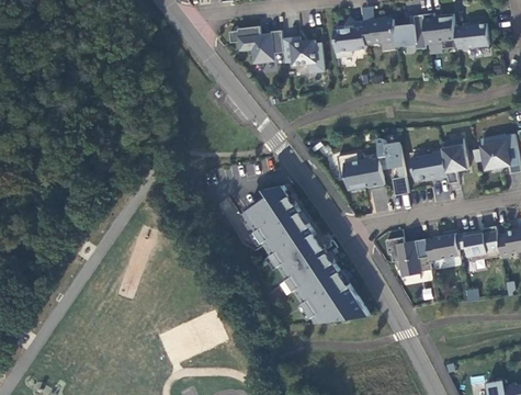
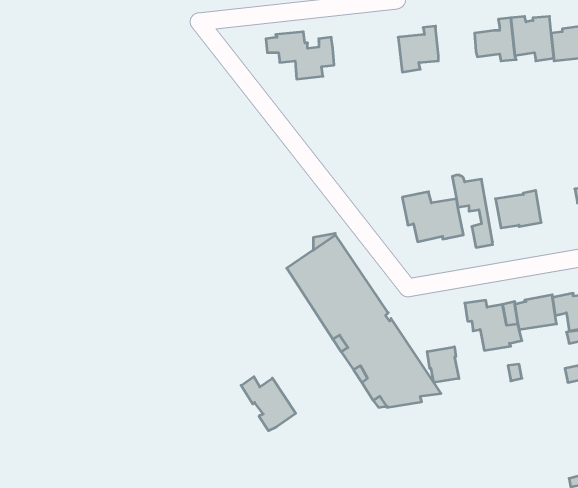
building: [363,19,395,44] -> none
building: [282,36,325,72] -> none
building: [441,138,467,183] -> none
building: none -> [427,347,459,382]
building: none -> [241,377,296,431]

